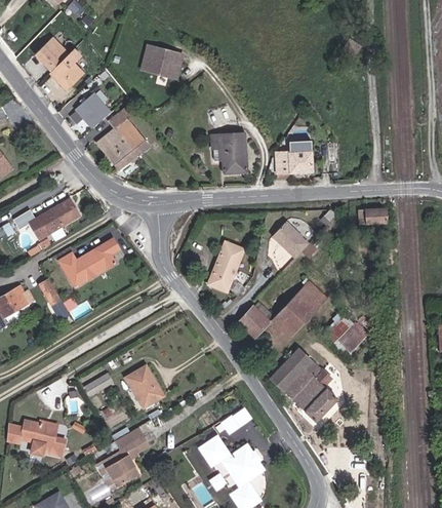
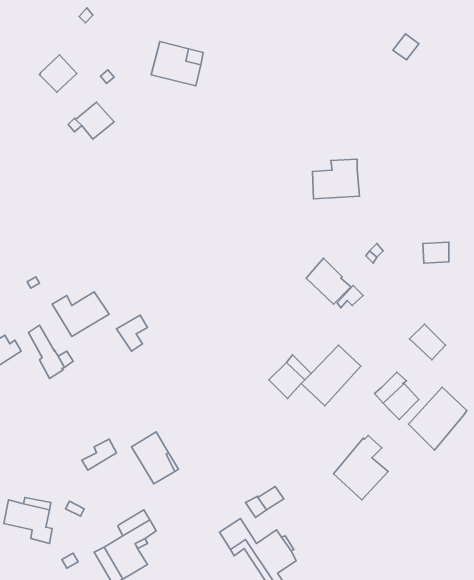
building: [34,34,68,68] -> none
building: [96,103,149,169] -> none
building: [210,131,247,172] -> none
building: [29,198,76,238] -> none
building: [93,238,119,268] -> [116,315,147,351]
building: [207,243,243,294] -> none
building: [295,281,325,311] -> [409,324,445,360]
building: [270,348,318,400] -> [409,387,467,450]

